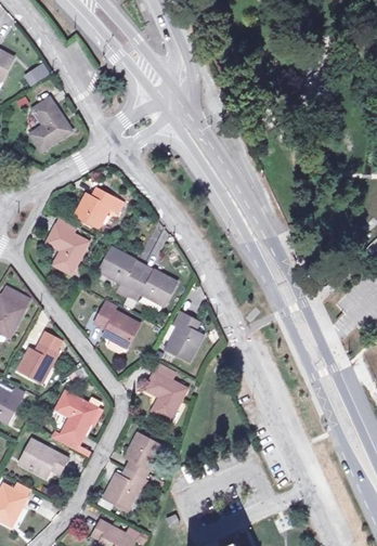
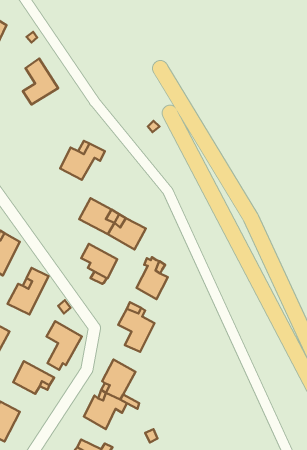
building: [47,222,87,275] -> none

